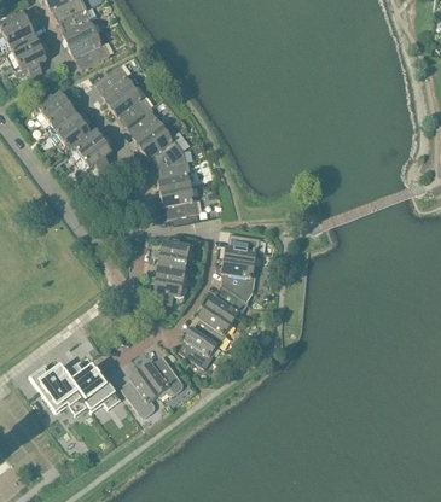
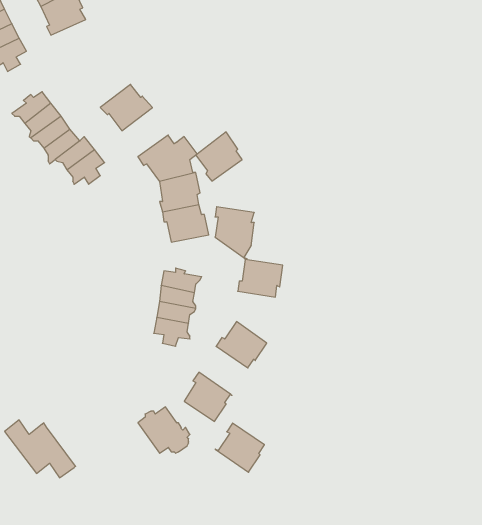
building: [68,31,110,68] -> none
building: [95,63,134,105] -> none
building: [127,105,166,146] -> [196,132,242,181]
building: [222,258,255,302] -> [215,207,254,259]
building: [191,304,232,345] -> [215,423,264,472]
building: [65,362,121,410] -> none
building: [120,368,158,415] -> none

